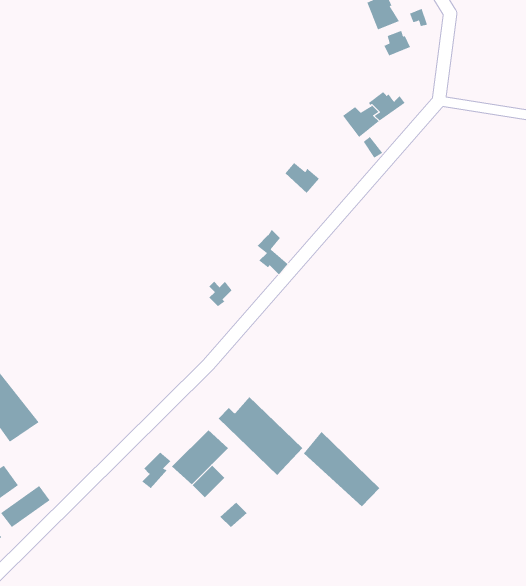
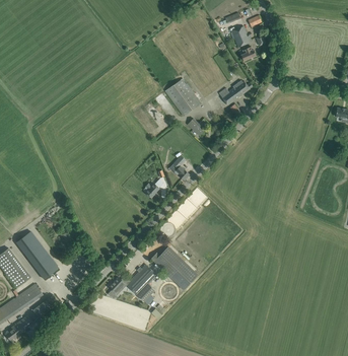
building: none -> [164,78,201,117]
building: [303,431,380,507] -> none

